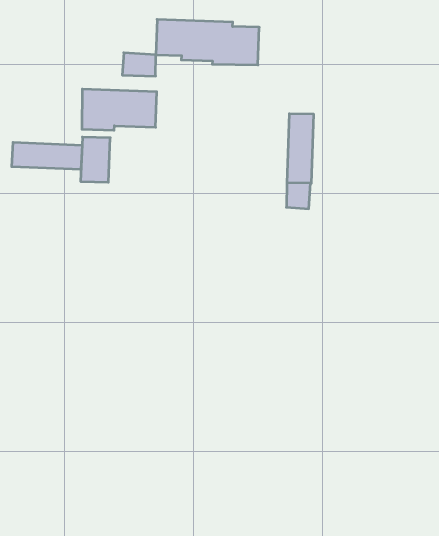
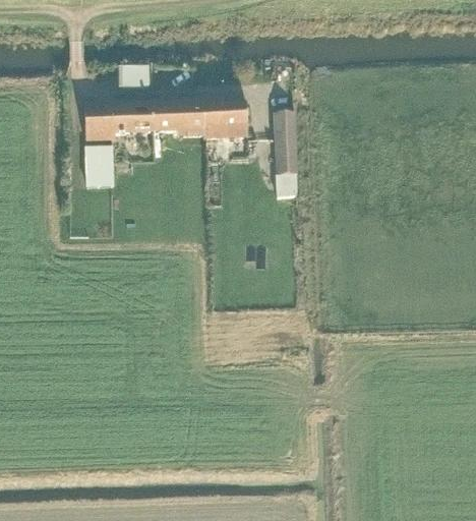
building: [156,19,259,65] -> [152,99,246,138]
building: [12,142,82,170] -> none

